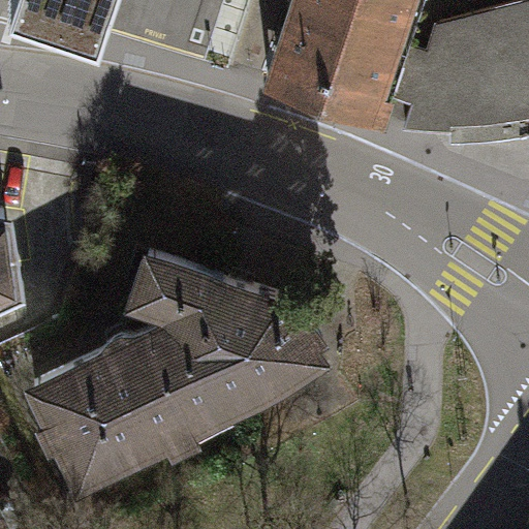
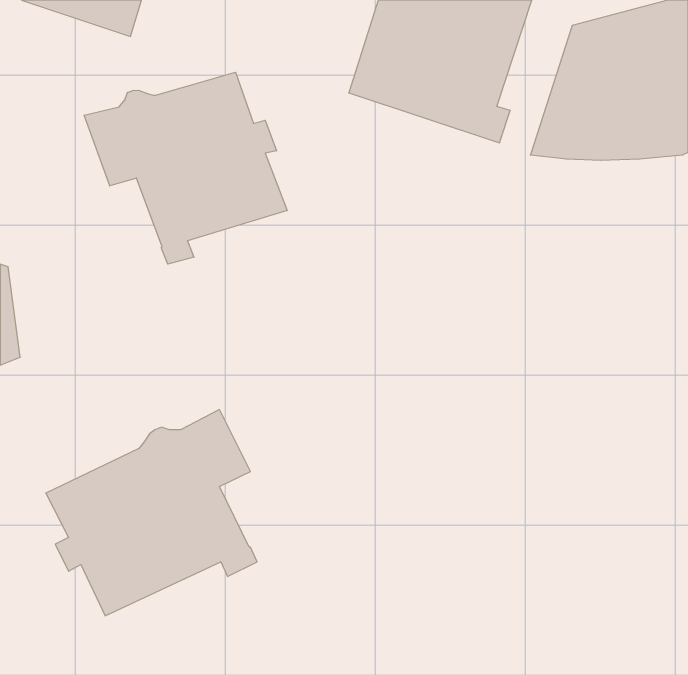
building: none -> [84,72,287,264]
building: [135,257,323,430] -> none

